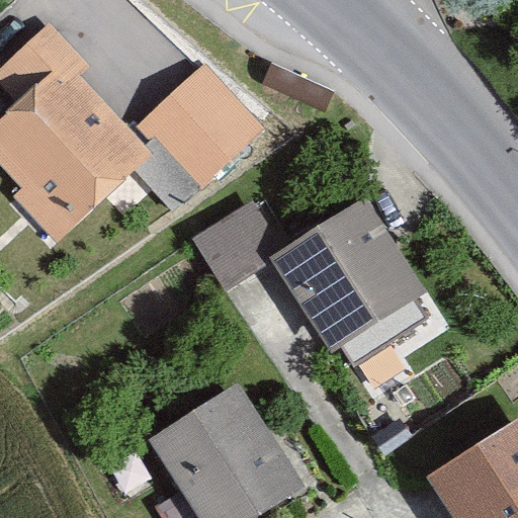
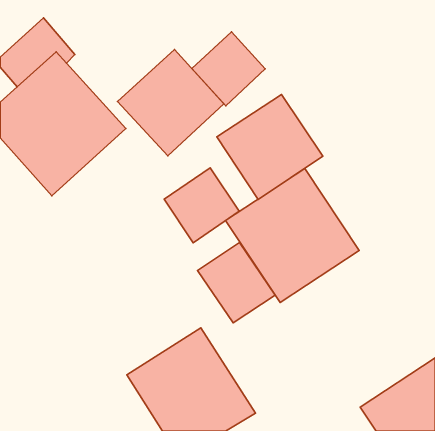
building: none -> [192,32,265,106]
building: none -> [217,94,323,199]
building: none -> [198,242,275,323]

